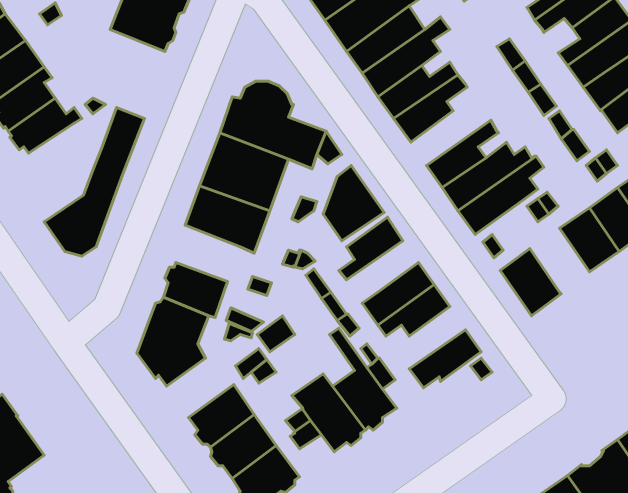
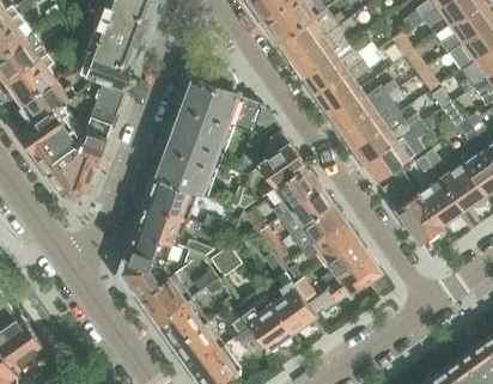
building: none -> [81,26,139,89]
building: none -> [327,86,388,130]
building: none -> [18,98,84,173]
building: none -> [147,176,196,219]
building: none -> [418,178,463,227]
building: none -> [278,188,333,236]
building: none -> [321,238,369,286]
building: none -> [140,274,191,323]

